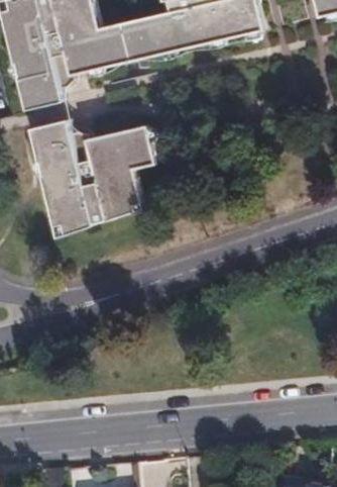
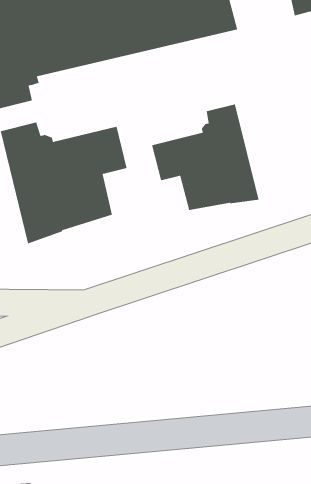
building: none -> [151,104,259,211]

